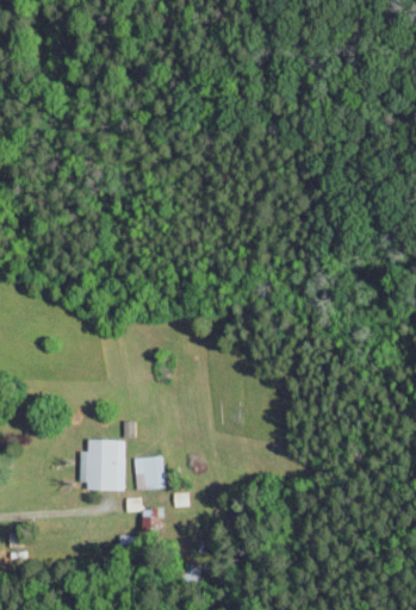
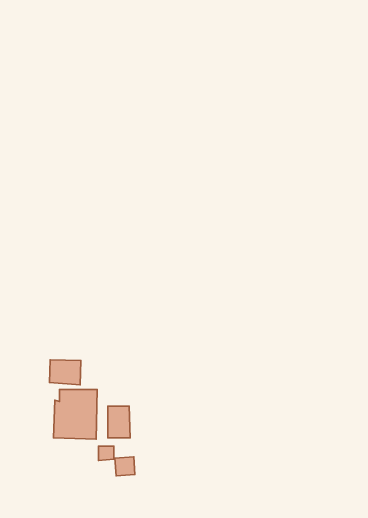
building: none -> [50,360,81,385]

